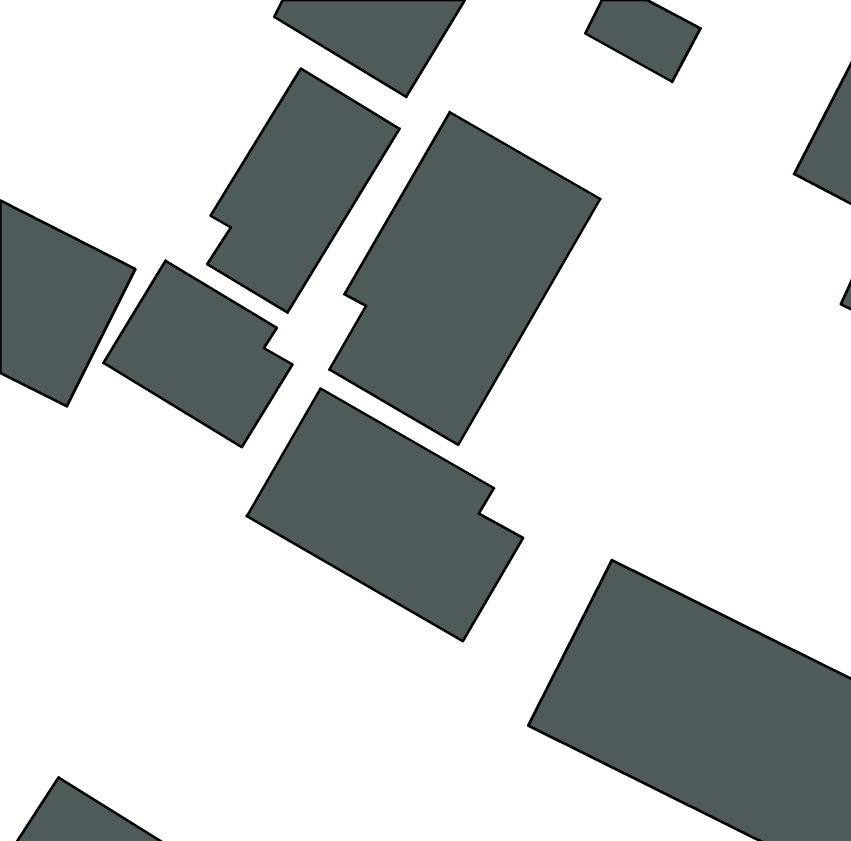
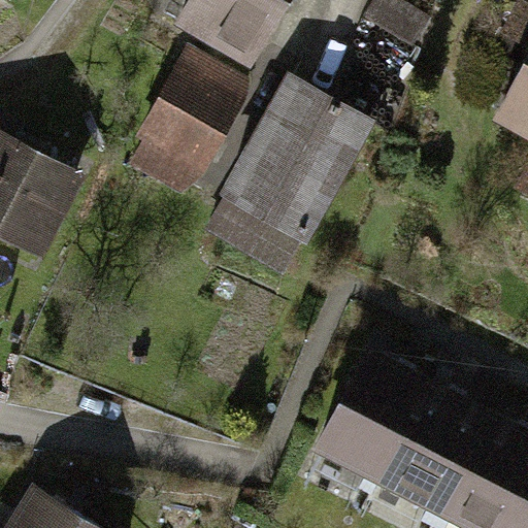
building: [103,261,292,447] -> none
building: [247,389,523,641] -> none

